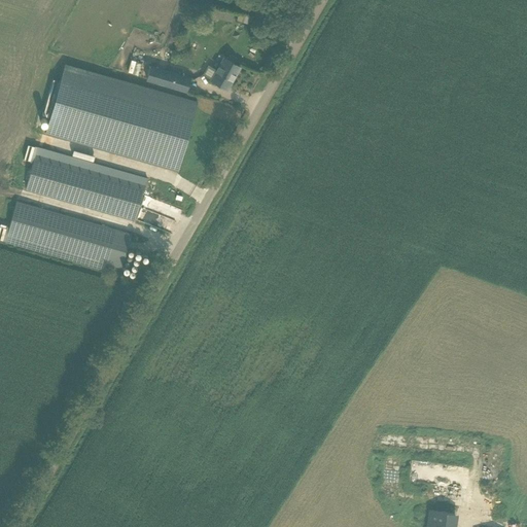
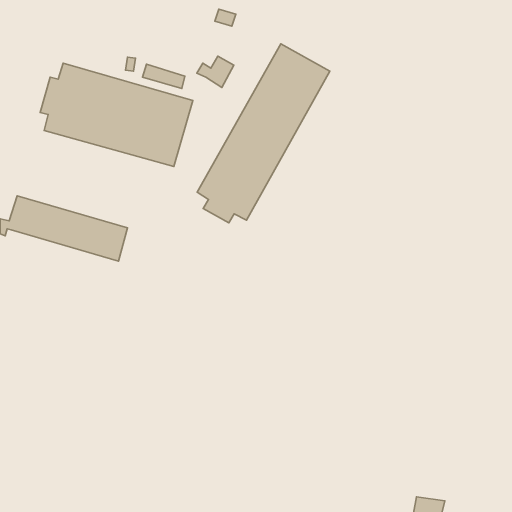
building: none -> [197,44,330,223]
building: [27,155,146,221] -> none

